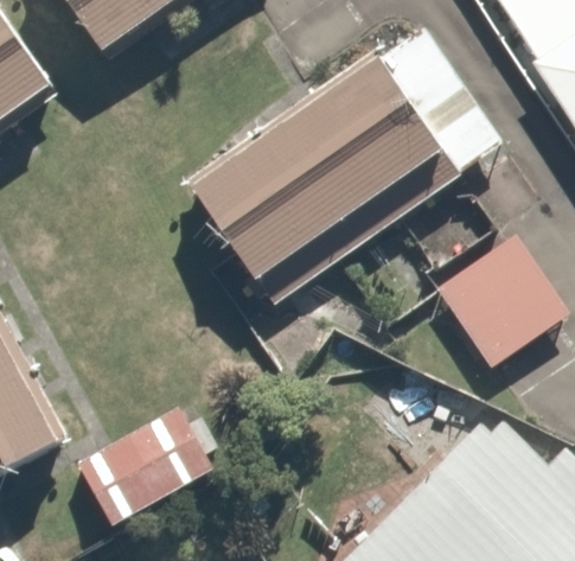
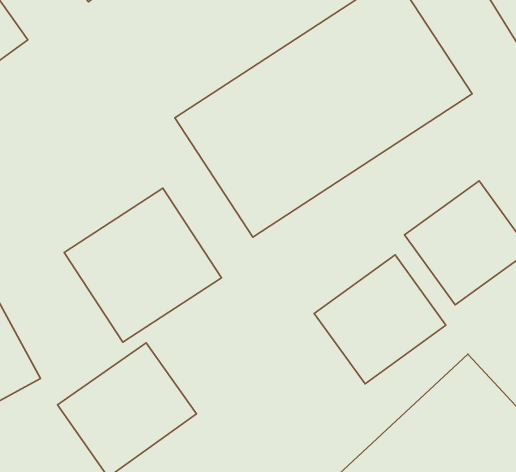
building: none -> [64,188,221,342]
building: none -> [314,255,446,384]

